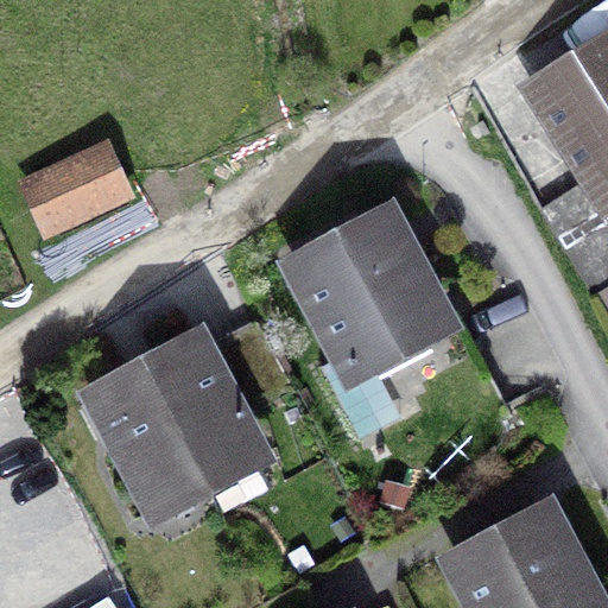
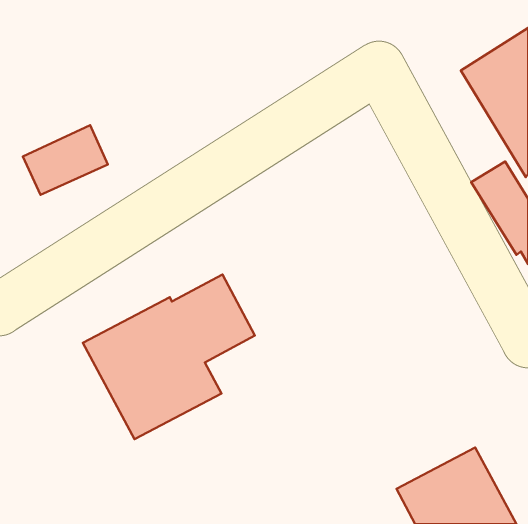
building: [296,216,441,435] -> none

